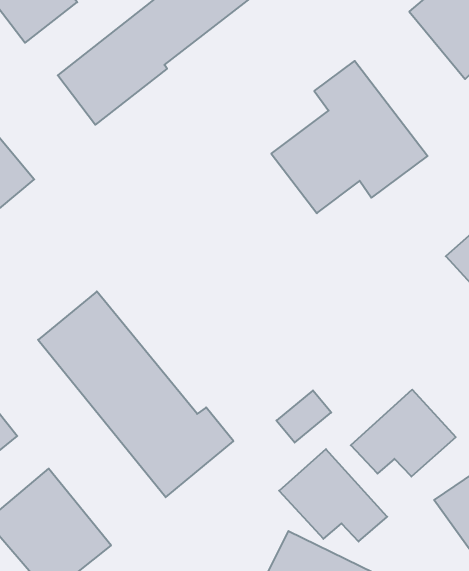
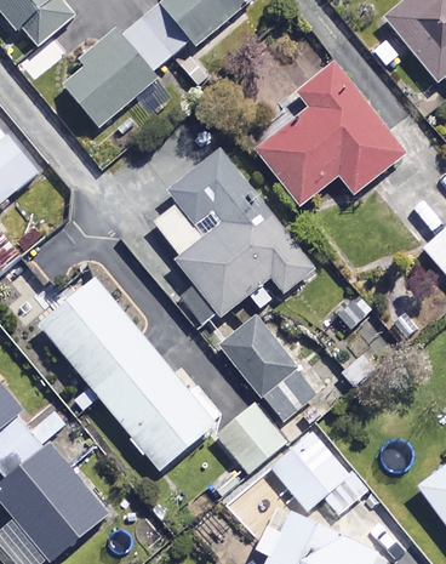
building: none -> [154,148,316,330]
building: none -> [215,315,292,395]
building: [351,390,456,477] -> none
building: none -> [213,400,285,473]

